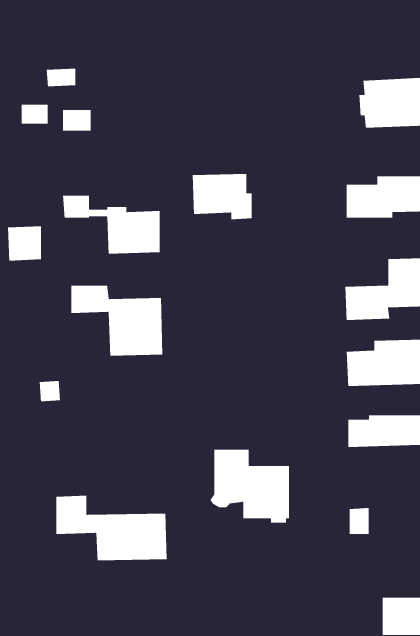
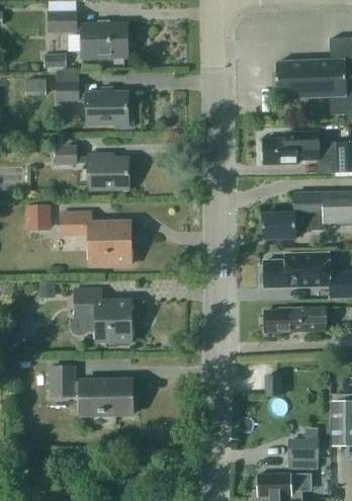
building: none -> [49,13,125,59]
building: [192,173,253,220] -> [86,93,130,128]
building: [7,225,42,261] -> [25,204,51,231]
building: [209,449,290,523] -> [72,289,130,344]

